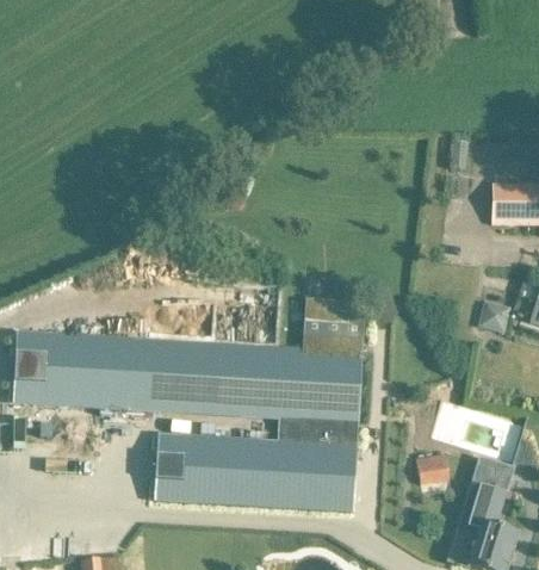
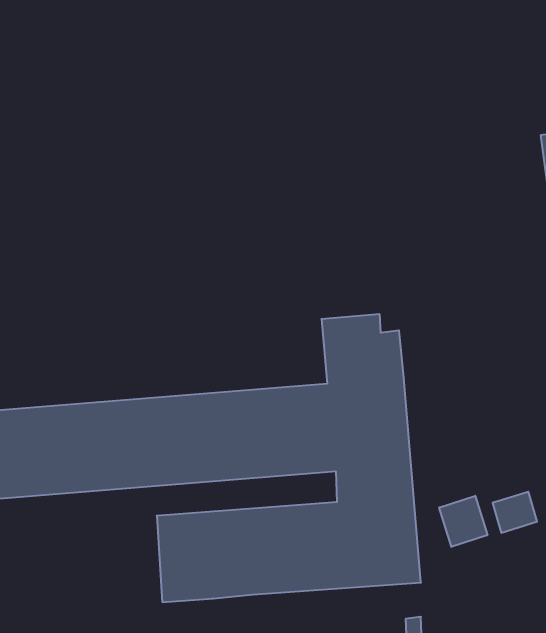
building: none -> [439,496,487,547]

